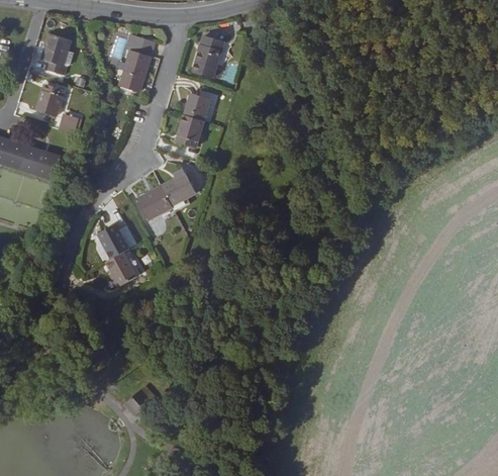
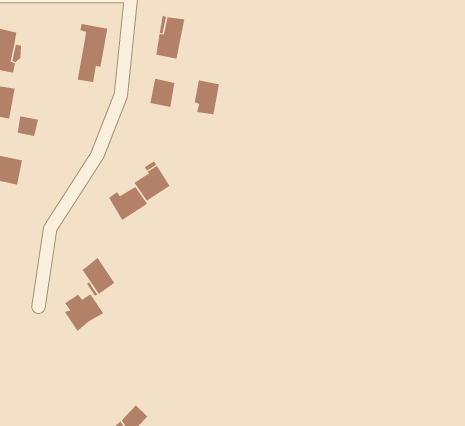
building: [178,115,203,149] -> [194,80,220,115]
building: [100,223,136,258] -> [64,294,104,332]

